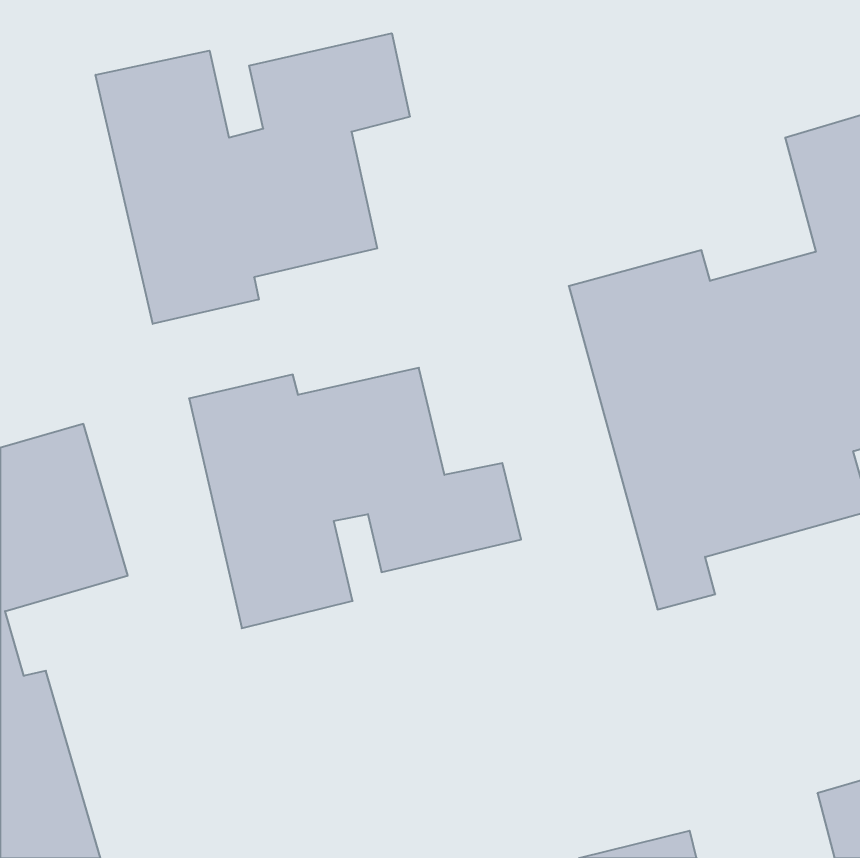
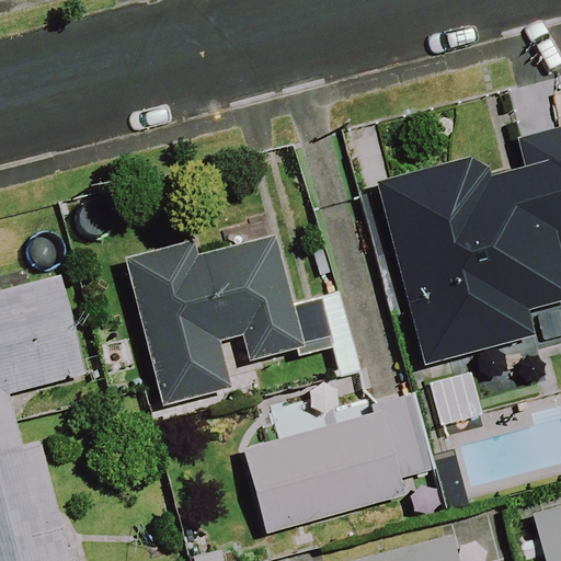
building: [96,33,410,324] -> none
building: none -> [245,410,404,529]

